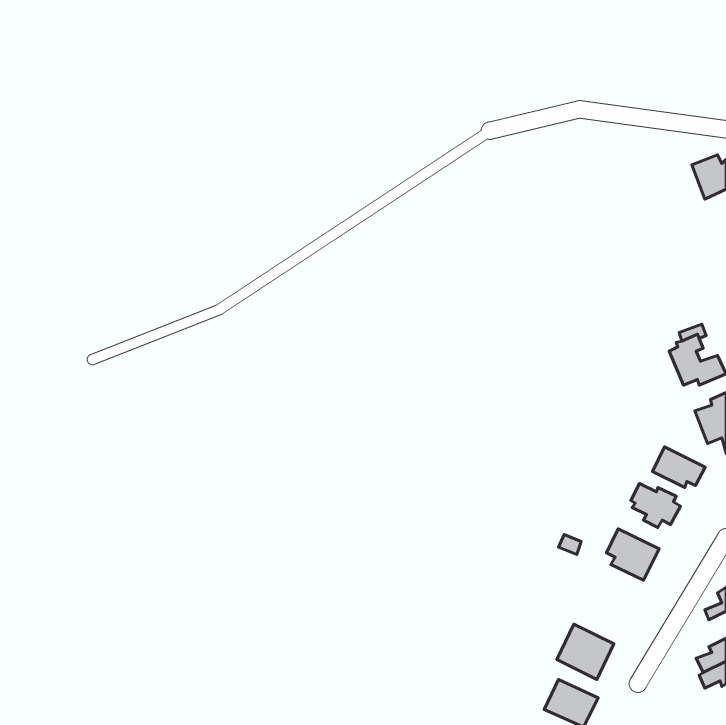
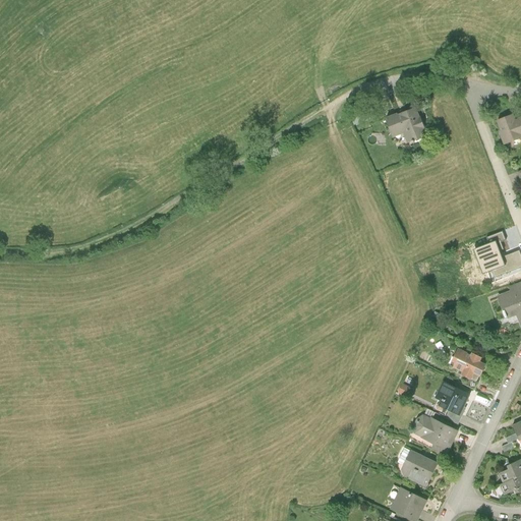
building: none -> [384,109,429,148]
building: [653,447,705,488] -> none
building: none -> [411,411,460,455]

